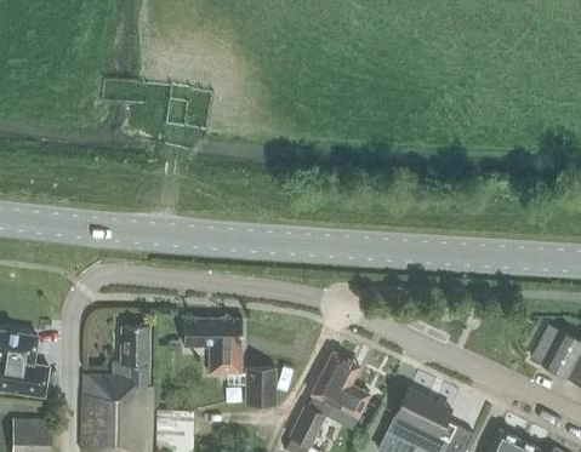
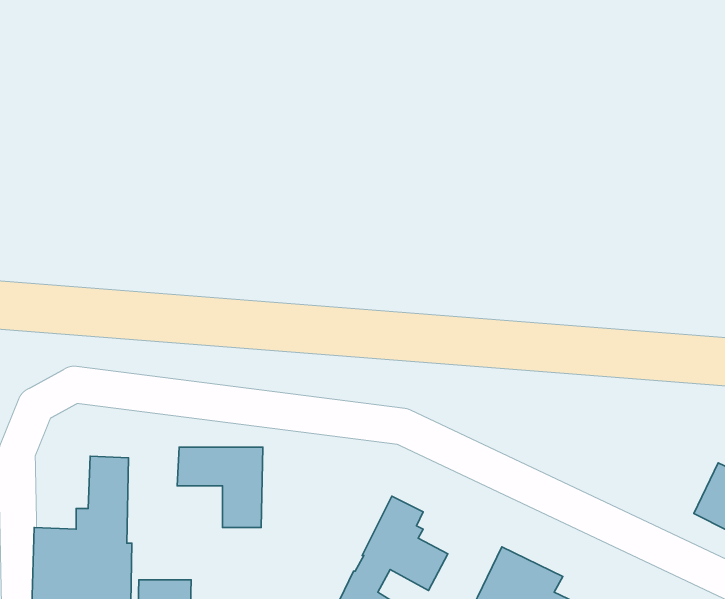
building: [243,367,275,404] -> none

